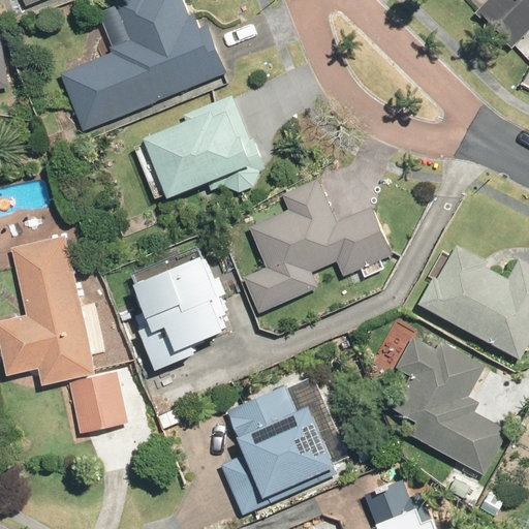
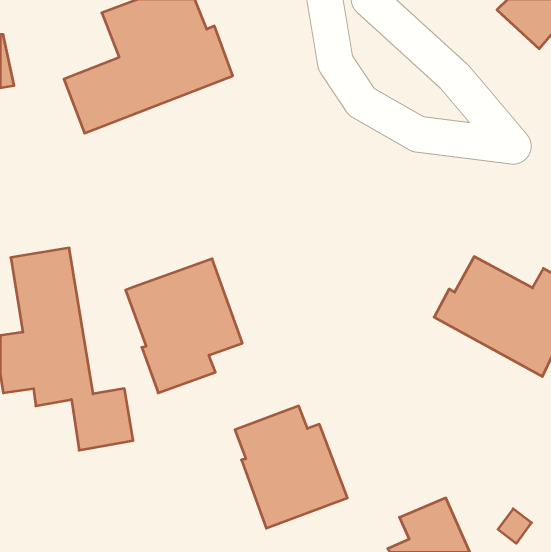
building: [141,99,258,199] -> none
building: [245,179,395,310] -> none
building: [384,323,508,477] -> none

